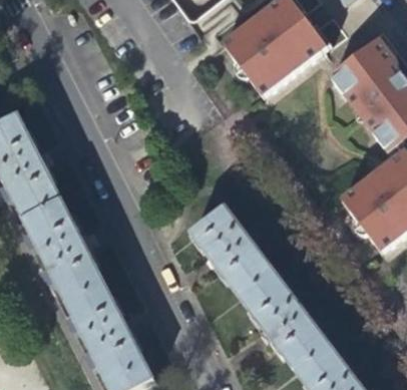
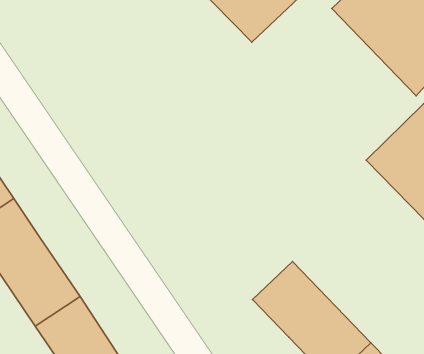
building: [188,206,274,297] -> none

